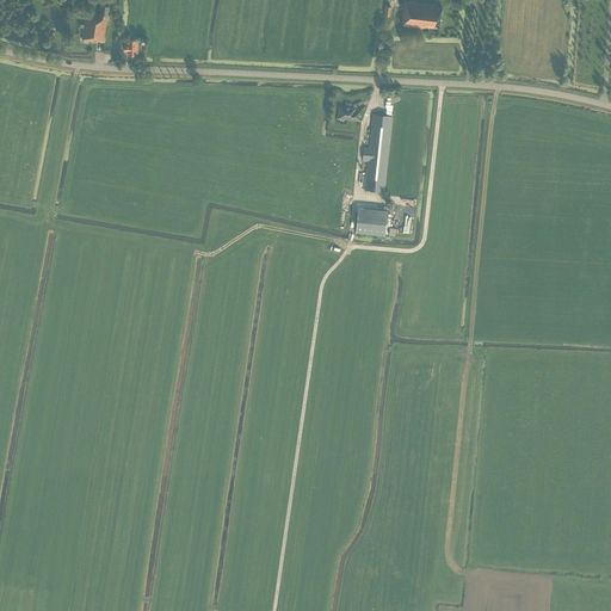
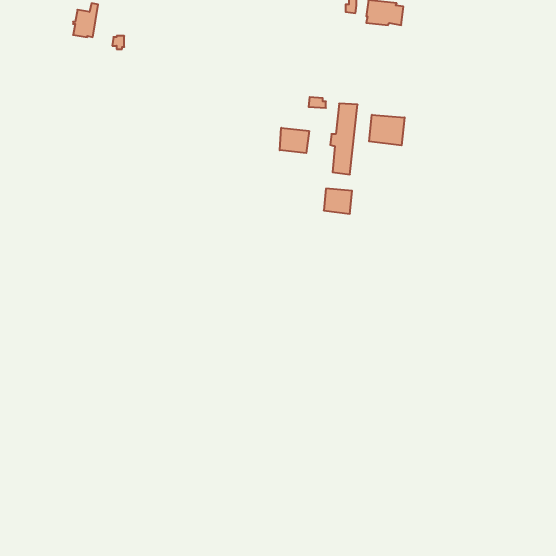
building: none -> [369,115,405,145]
building: none -> [280,128,309,153]

